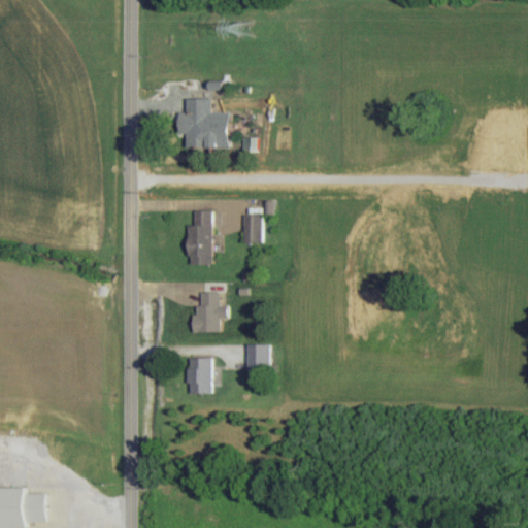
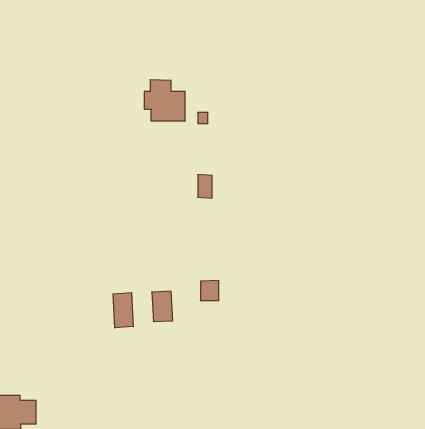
building: [187,210,211,265] -> none
building: [193,292,228,332] -> none
building: none -> [113,293,133,328]

